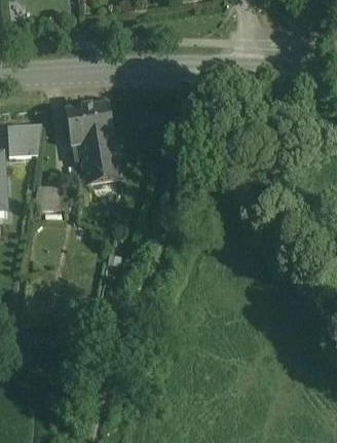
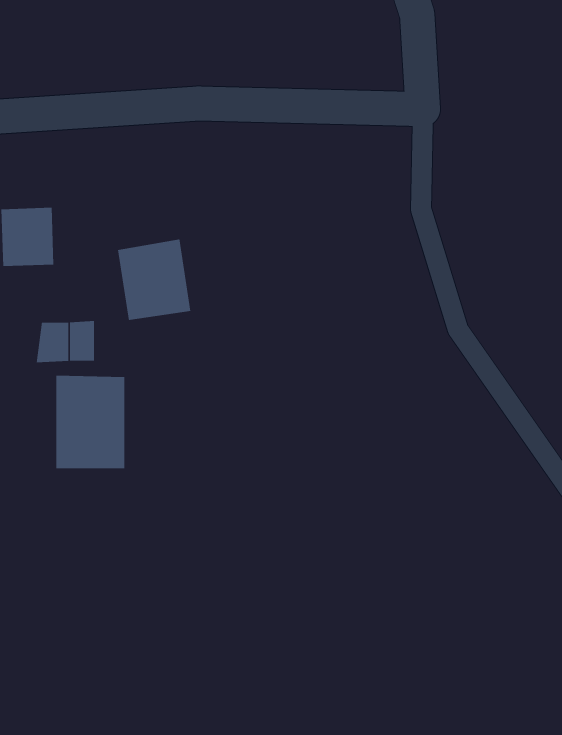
building: [63,102,113,146] -> none
building: none -> [56,375,125,469]

